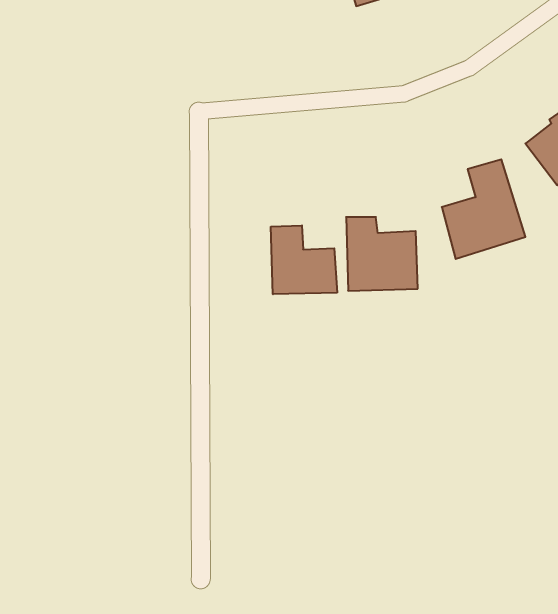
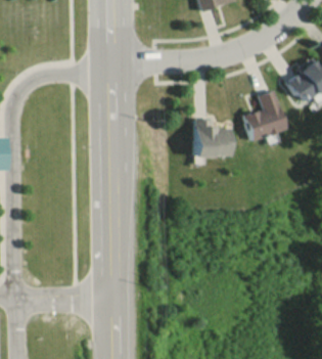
building: [271,225,337,294] -> none

